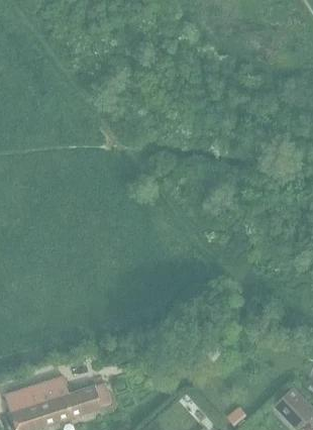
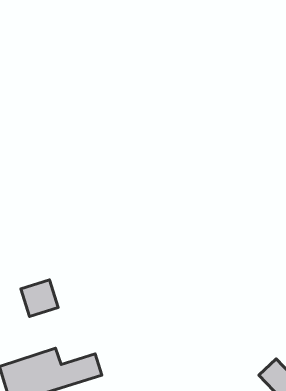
building: none -> [21,280,58,316]

